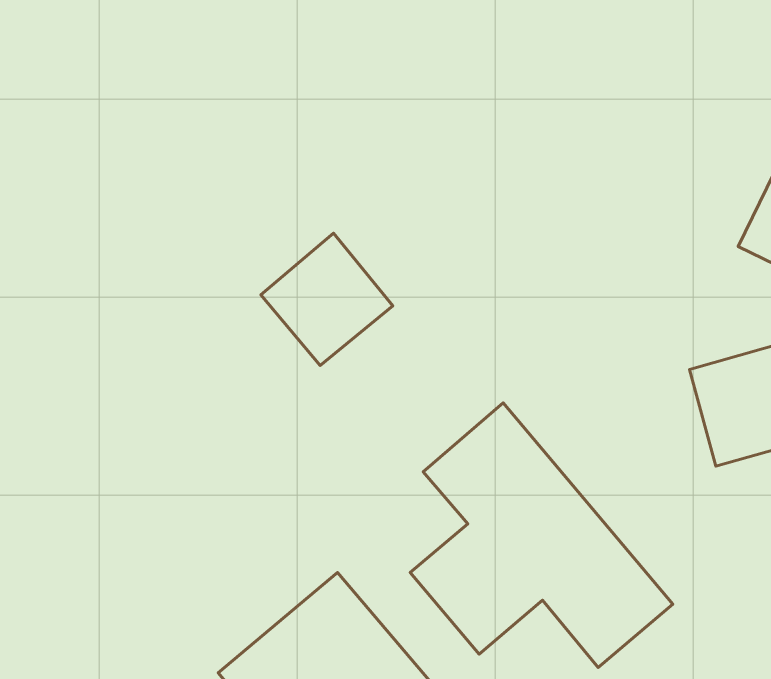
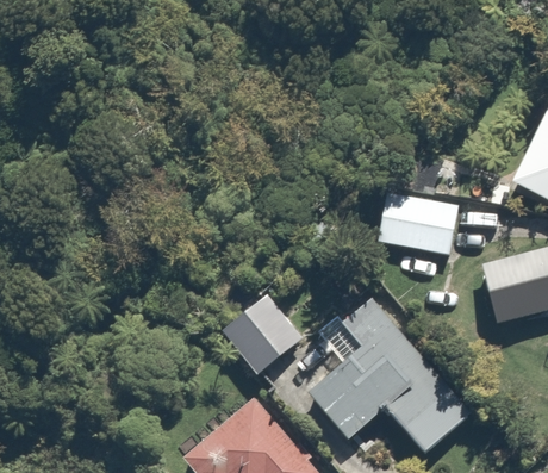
building: [261,233,393,365] -> [223,294,307,379]
building: none -> [376,188,462,256]

